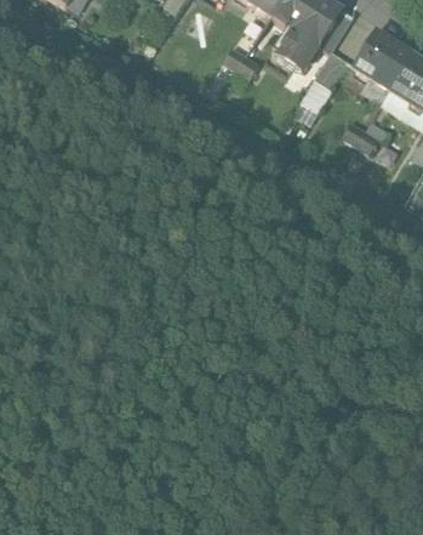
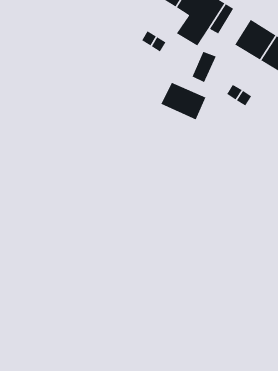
building: none -> [160,82,207,120]

